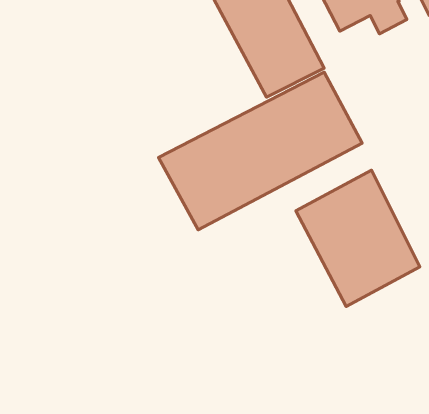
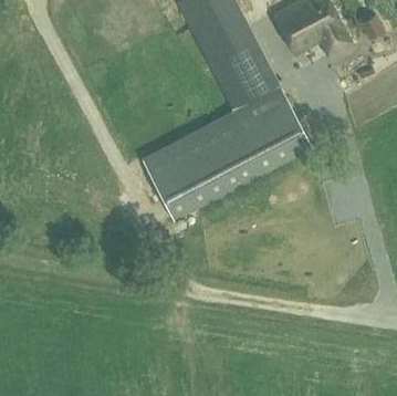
building: [296,170,420,307] -> none

